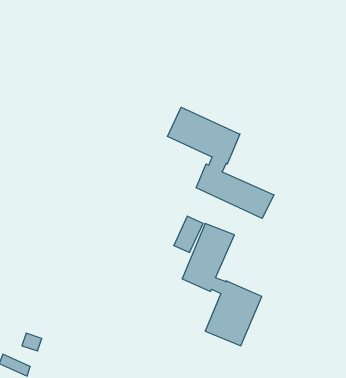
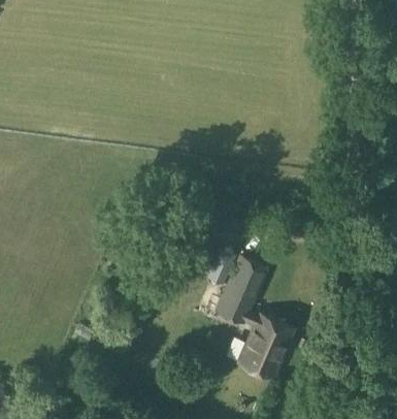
building: [167,107,274,218] -> none

